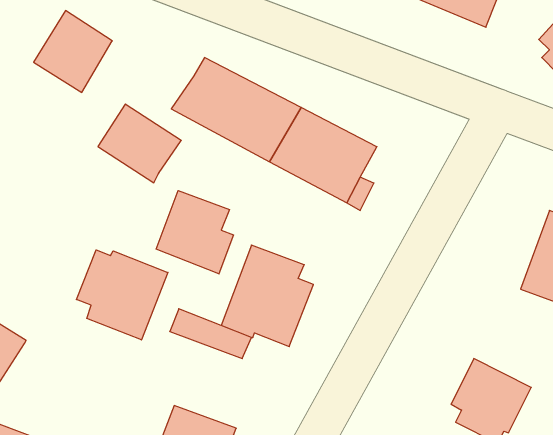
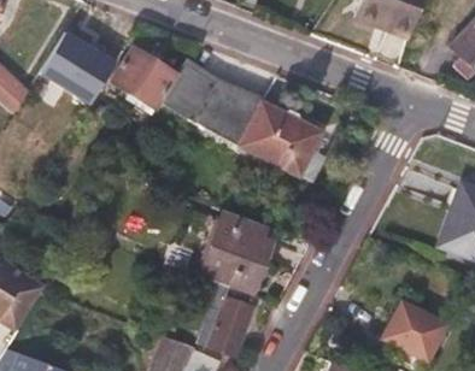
building: [98,104,181,183] -> [111,46,177,108]
building: [156,191,234,274] -> none
building: [76,250,168,340] -> none
building: none -> [206,294,252,353]

